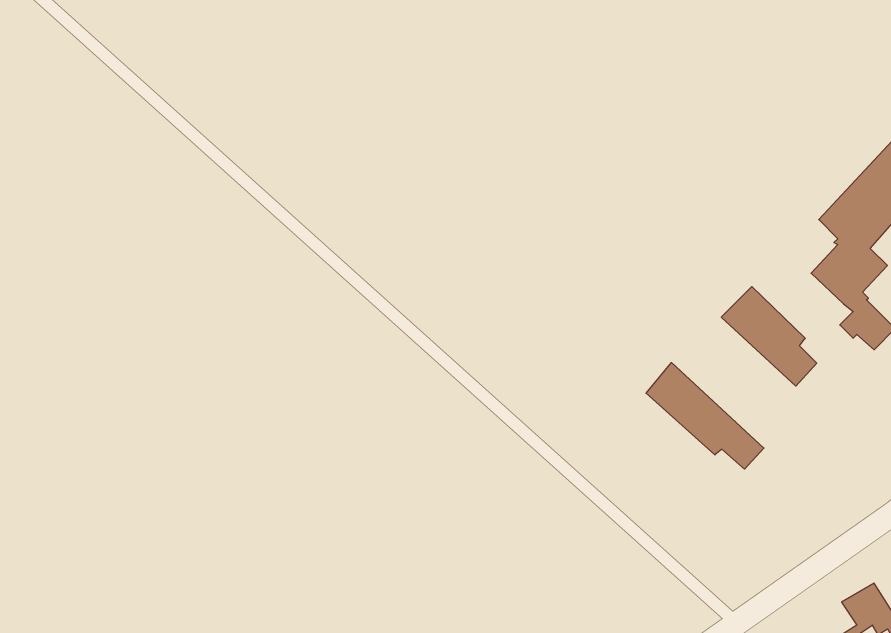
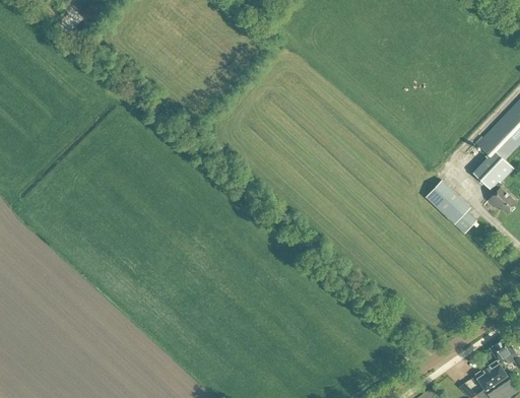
building: [646,363,764,469] -> none

